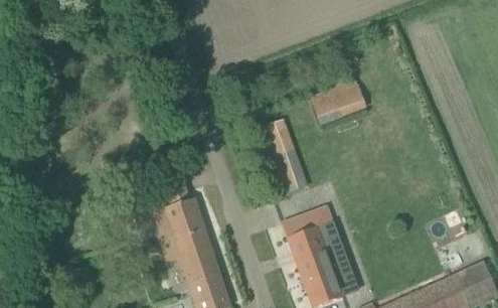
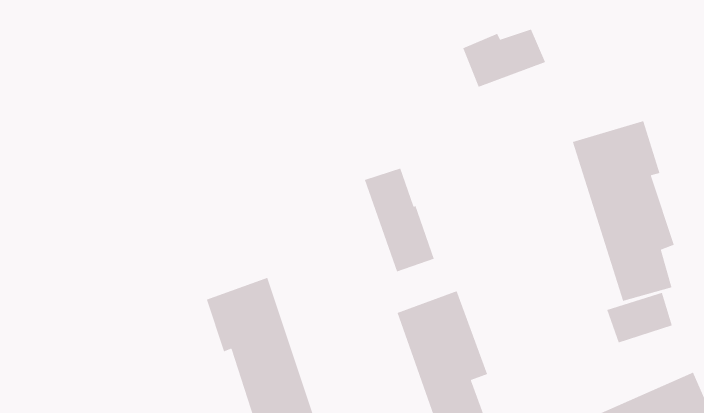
building: [311,84,368,124] -> [462,29,546,88]
building: none -> [572,120,675,302]

